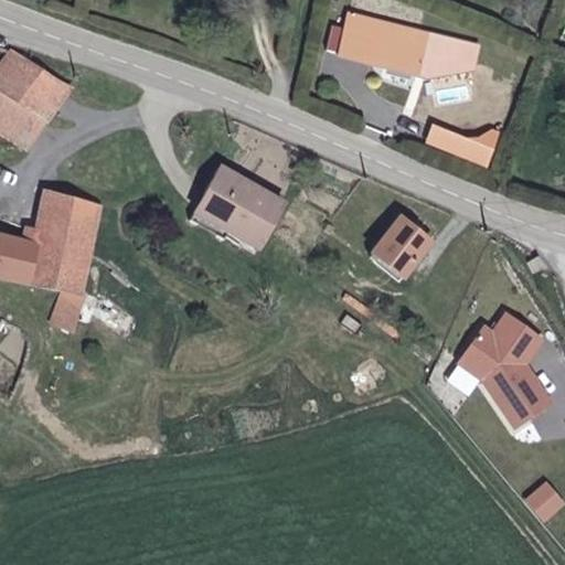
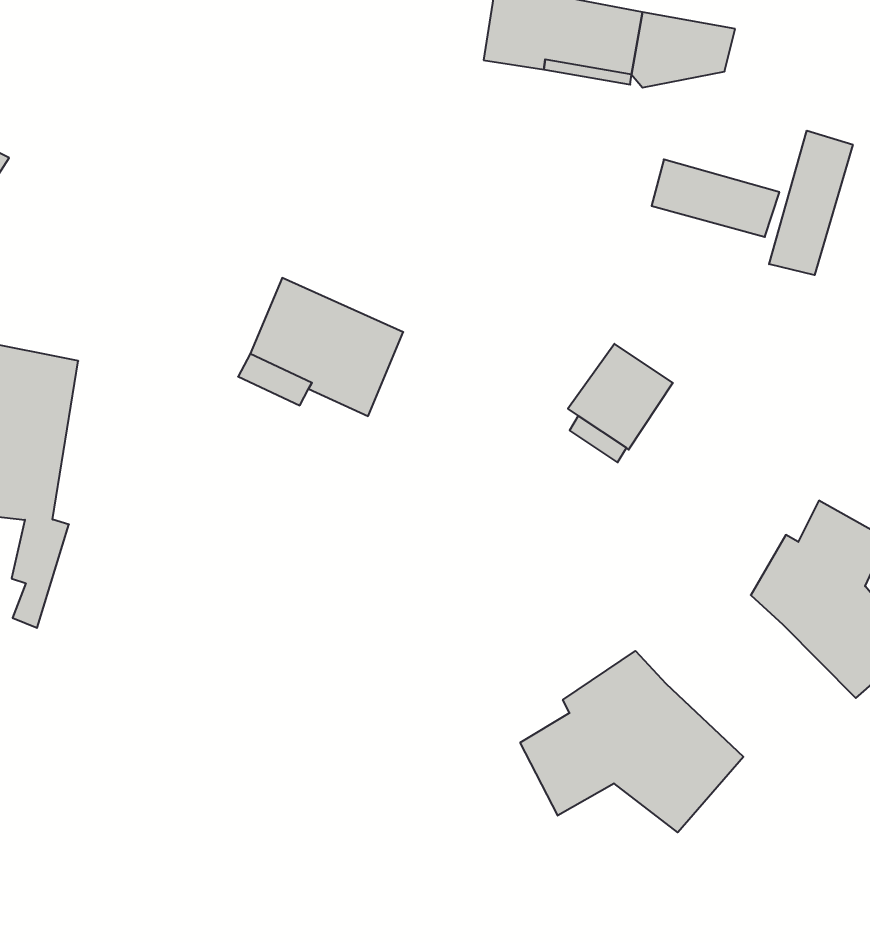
building: none -> [769,131,853,275]
building: none -> [520,651,743,832]

